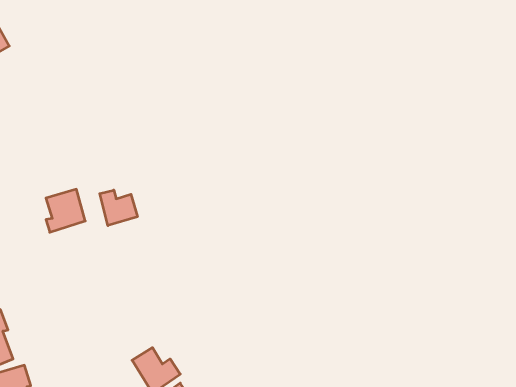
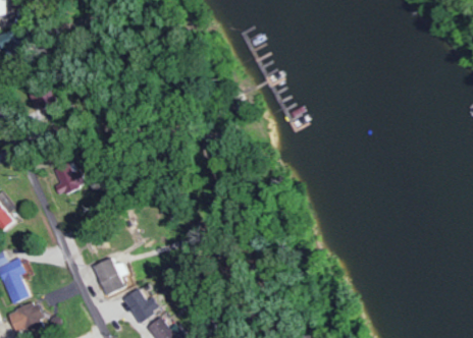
building: [100,190,137,226] -> none
building: none -> [92,258,128,295]

